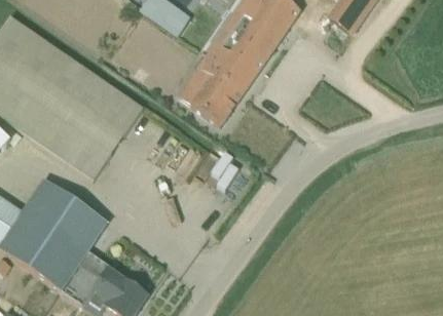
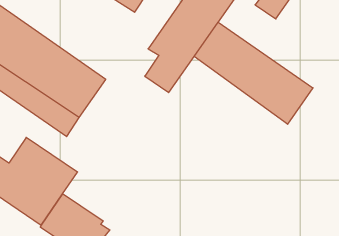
building: none -> [194,22,313,124]

